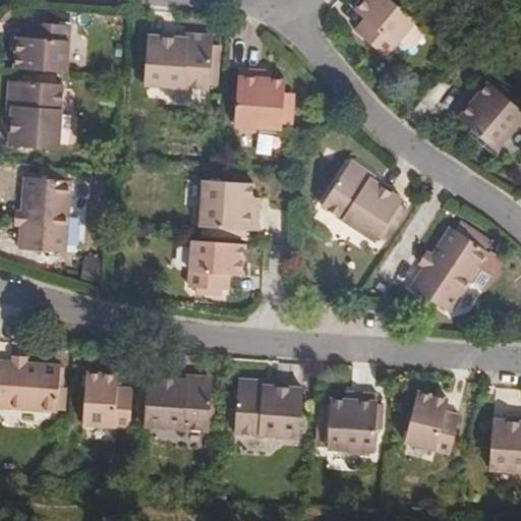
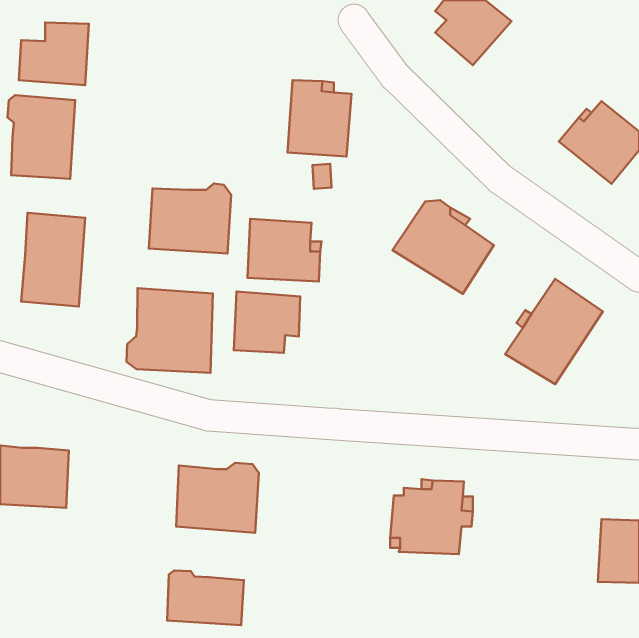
building: [146,34,213,91] -> [149,184,231,254]
building: none -> [127,288,213,373]
building: [81,373,131,428] -> none
building: [233,383,301,442] -> none
building: [403,391,459,455] -> none
building: none -> [167,570,244,625]

